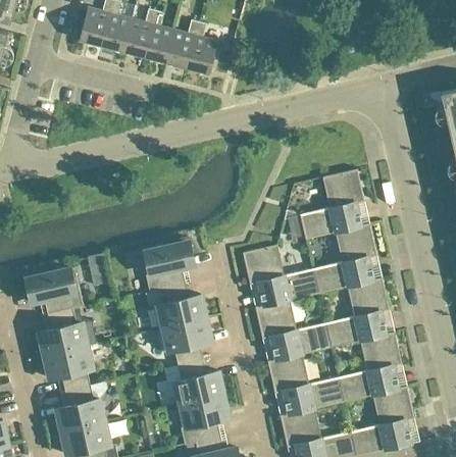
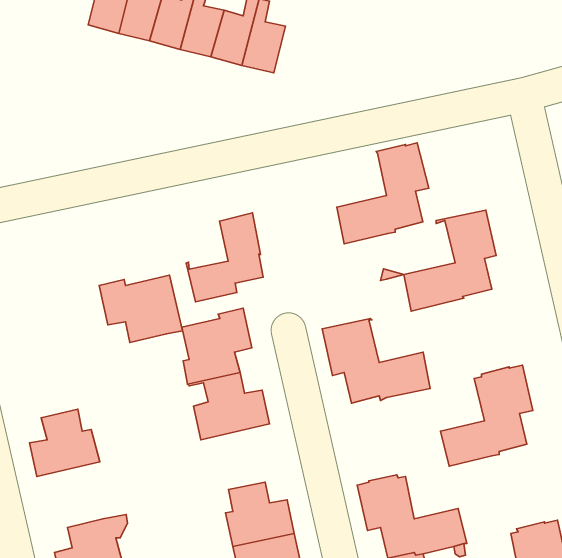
building: none -> [186,213,263,302]
building: [312,223,376,294] -> [337,143,429,244]
building: [24,267,83,314] -> [99,275,183,342]
building: [254,299,331,358] -> none
building: [157,318,210,364] -> none
building: [337,332,401,402] -> none
building: [43,345,92,391] -> none

